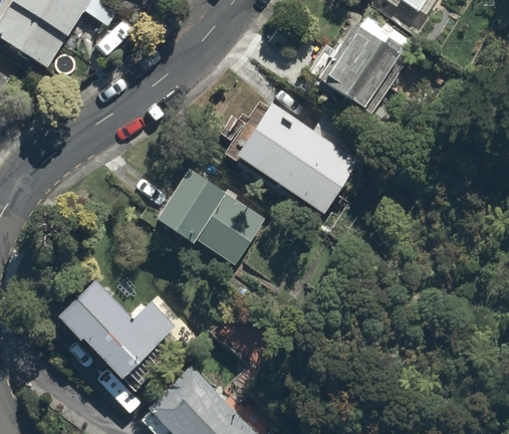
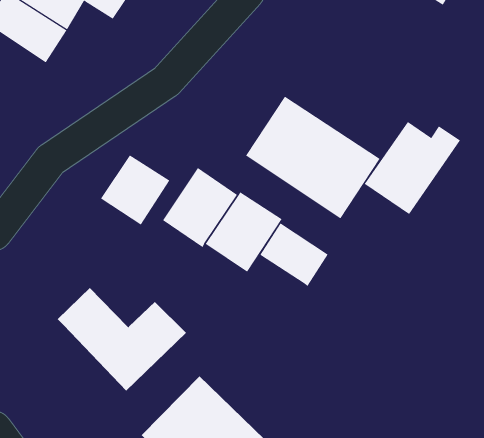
building: [321,20,413,108] -> [364,121,461,215]
building: none -> [100,154,170,226]
building: none -> [260,222,328,287]

